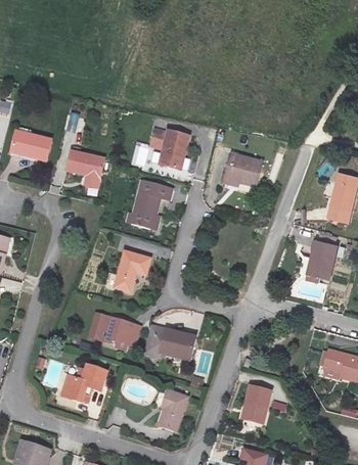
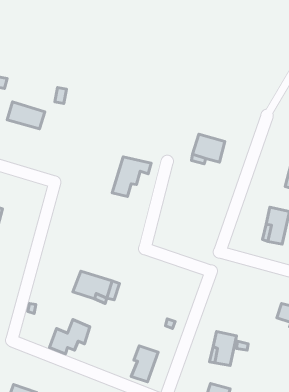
building: [155,132,188,170] -> none
building: [65,144,104,173] -> none
building: [116,245,150,284] -> none
building: [145,319,196,357] -> none

